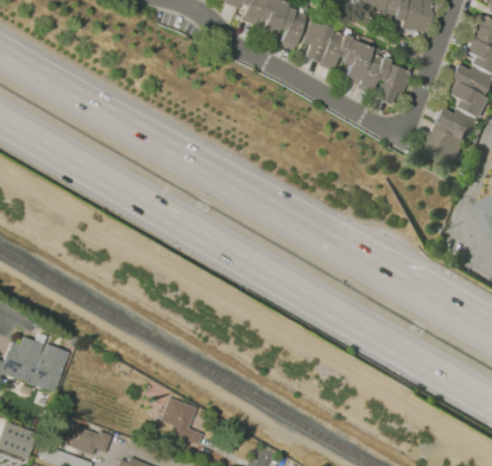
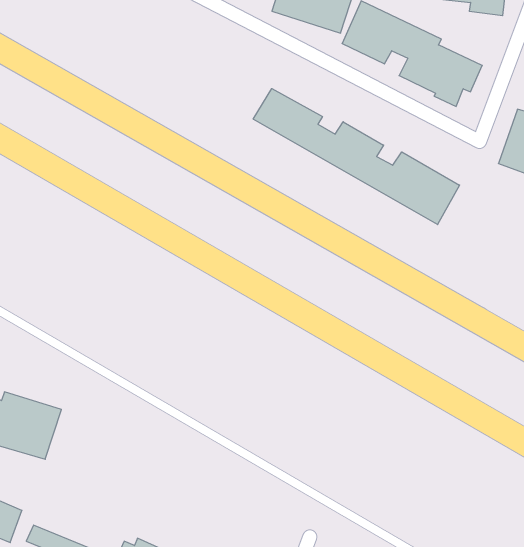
building: none -> [253,89,460,225]
building: [159,397,202,446] -> none
building: [58,420,111,453] -> none

